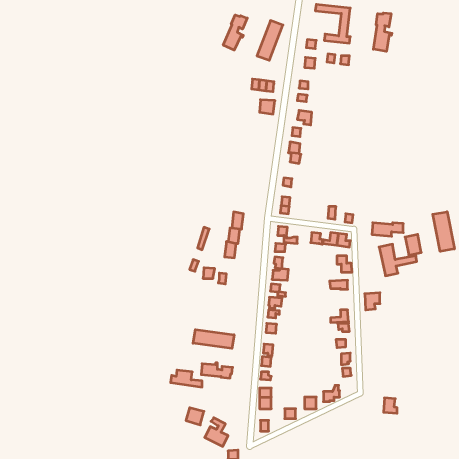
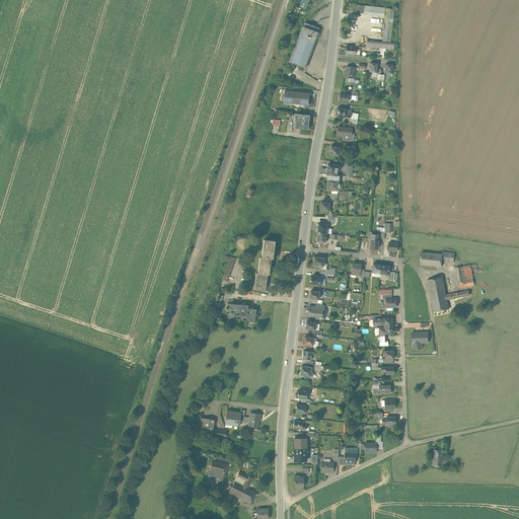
building: [373,13,392,51] -> none
building: [223,15,247,50] -> none
building: [433,212,454,251] -> none
building: [193,330,234,348] -> none

